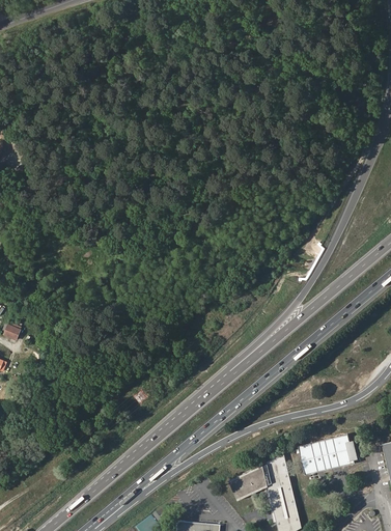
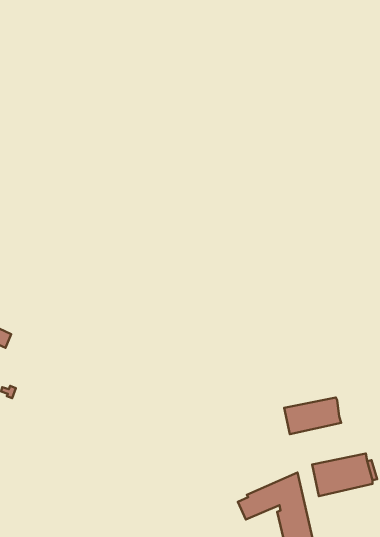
building: none -> [284,397,341,434]

